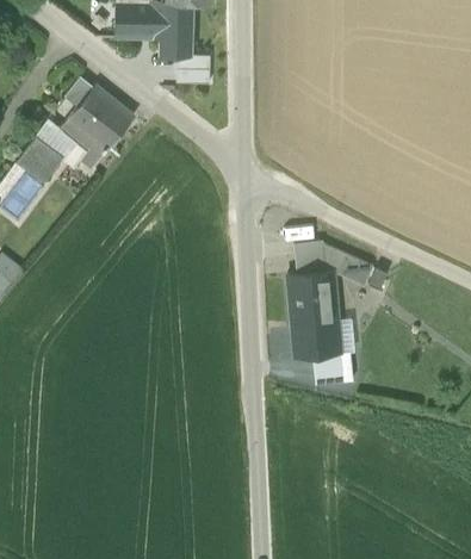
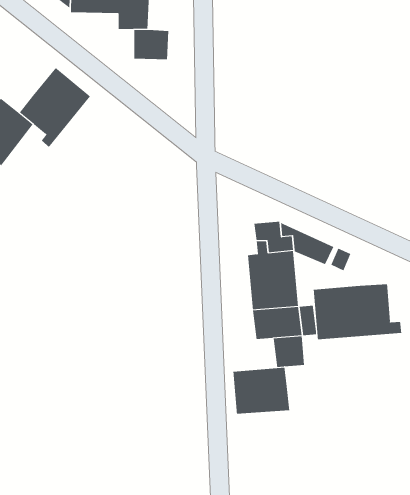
building: [58,75,99,118] -> none
building: none -> [313,283,402,340]
building: none -> [233,367,290,414]

